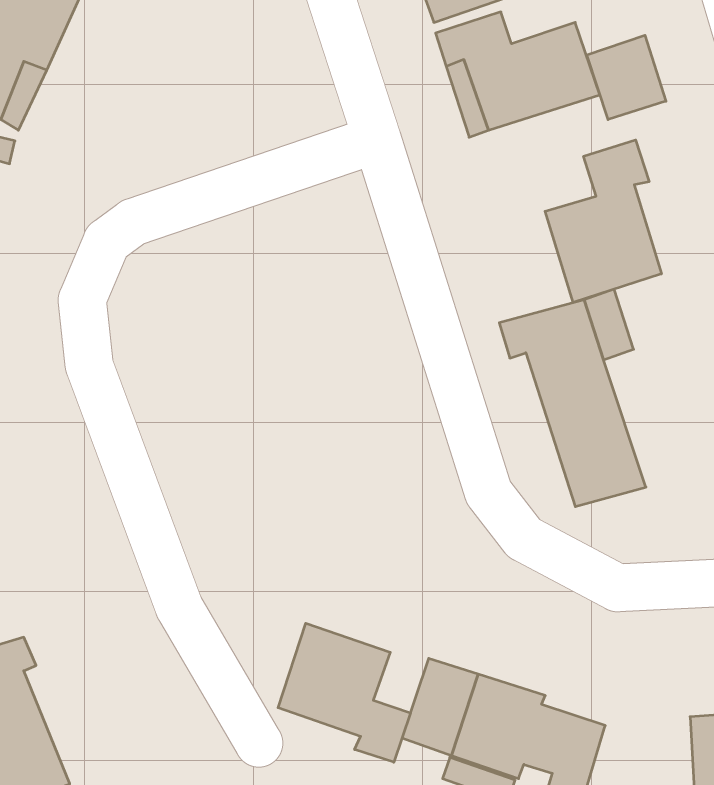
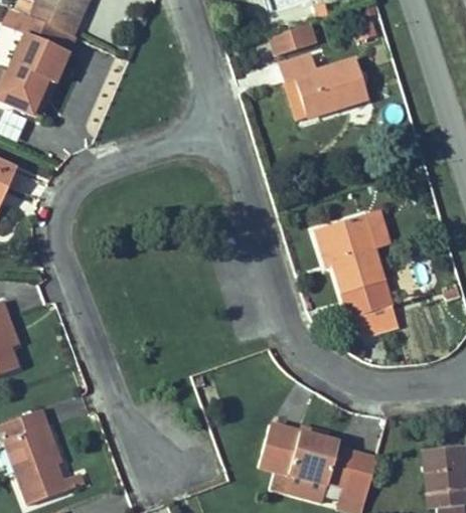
building: [587,35,666,120] -> none
building: [545,140,661,302] -> none
building: [278,623,410,762] -> none

